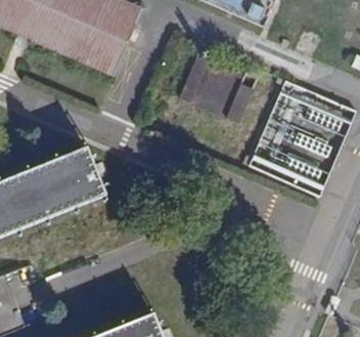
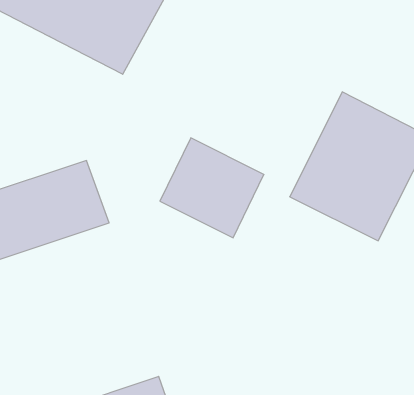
building: [180,48,261,125] -> [160,138,264,238]

